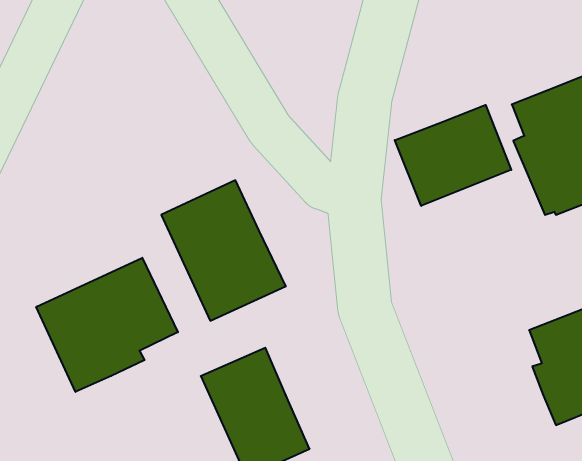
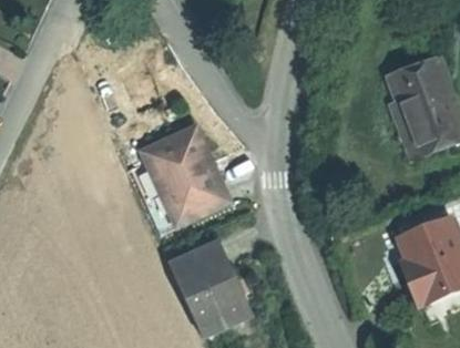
building: [395,105,511,206] -> none
building: [36,258,178,392] -> none

